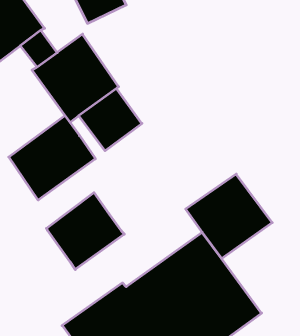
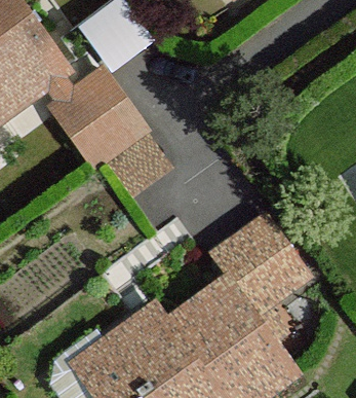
building: [9,116,95,200] -> none
building: [46,193,124,270] -> none

